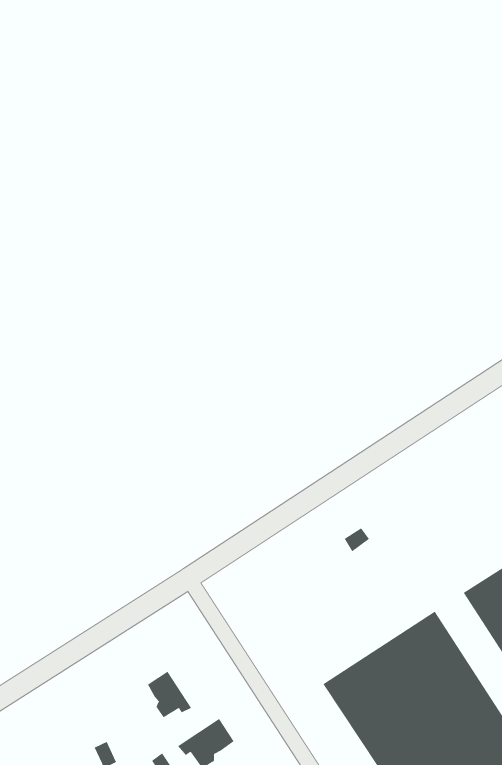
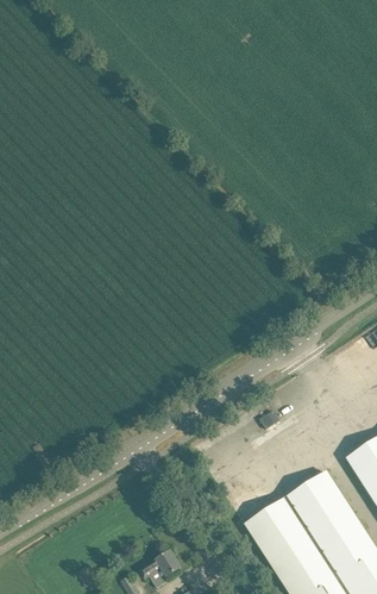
building: [147,671,192,718] -> none

